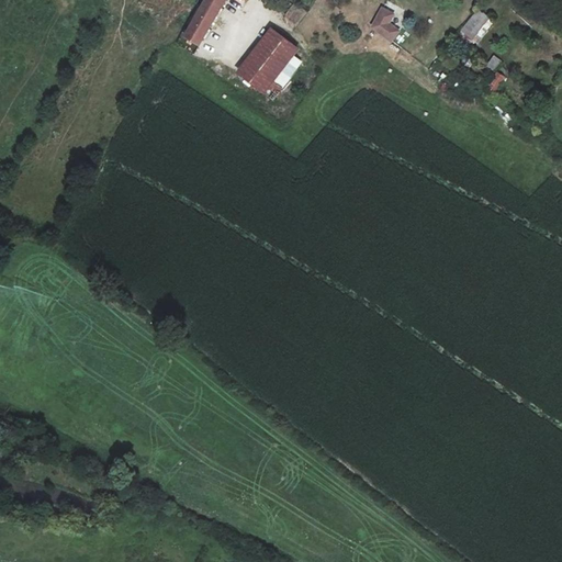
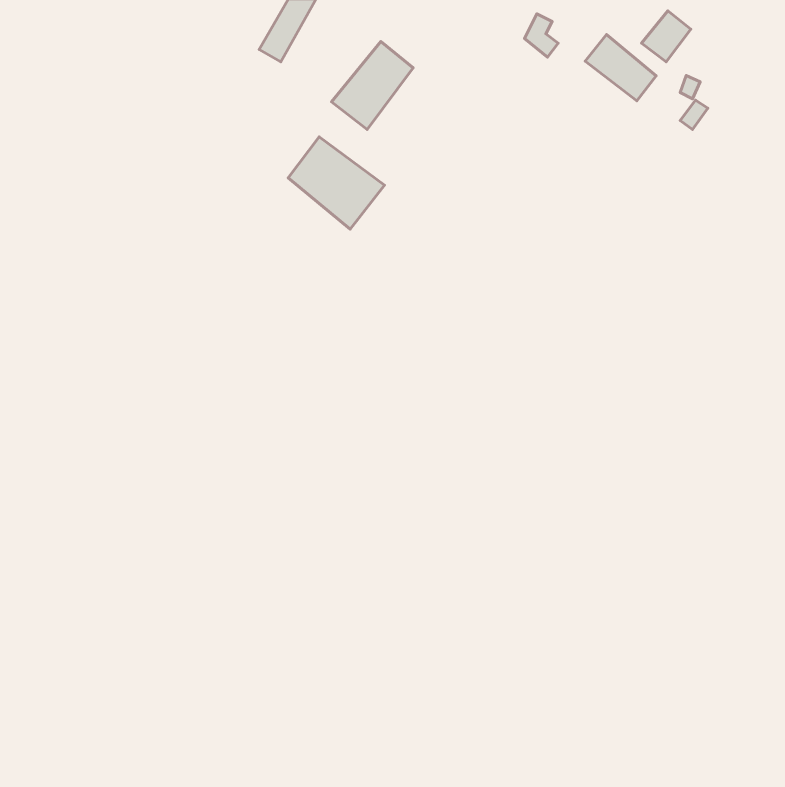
building: none -> [585,34,656,101]
building: none -> [288,137,385,229]

